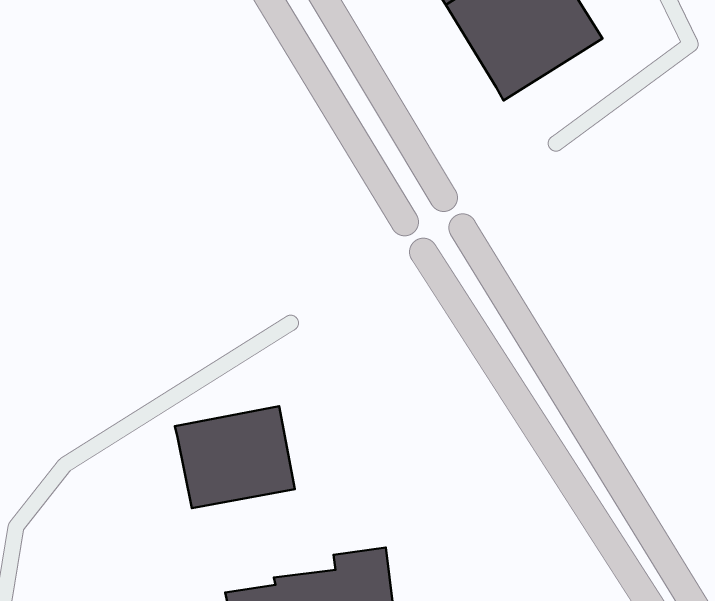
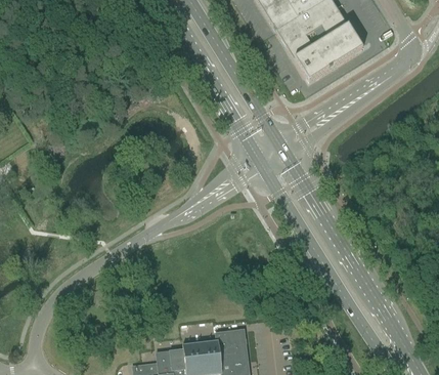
building: [175,406,295,508] -> none

